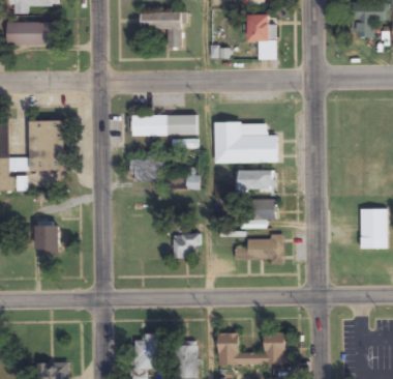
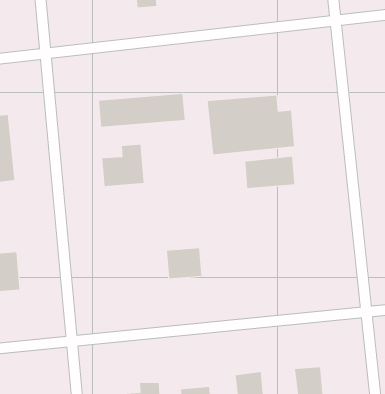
building: [249,200,275,220] -> none
building: [235,235,283,261] -> none

